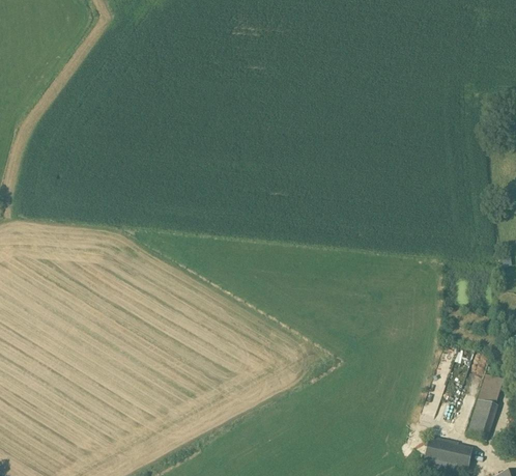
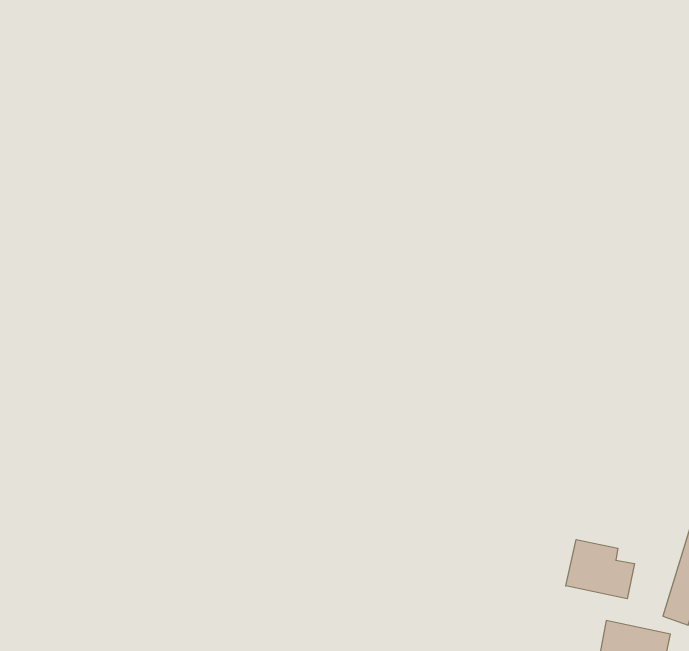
building: none -> [566,540,635,599]

